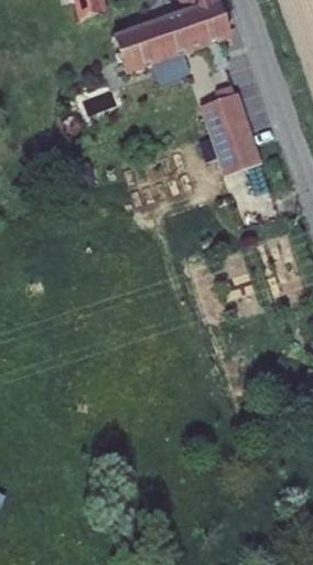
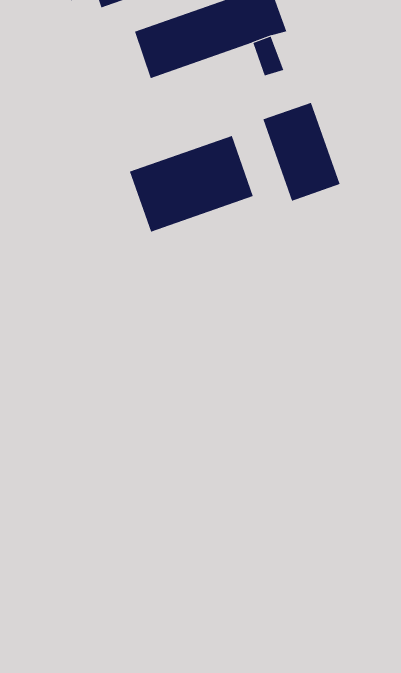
building: none -> [129,135,253,233]

